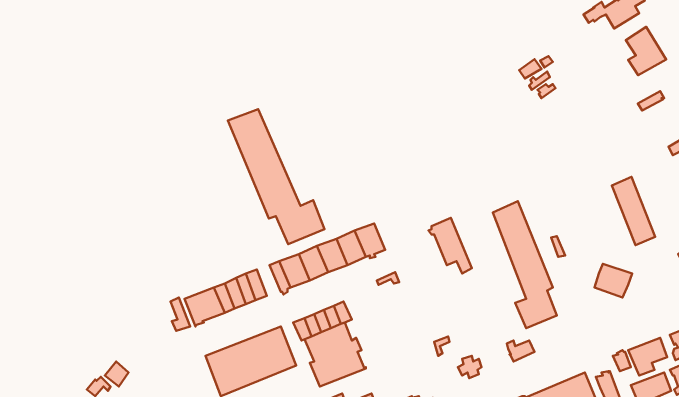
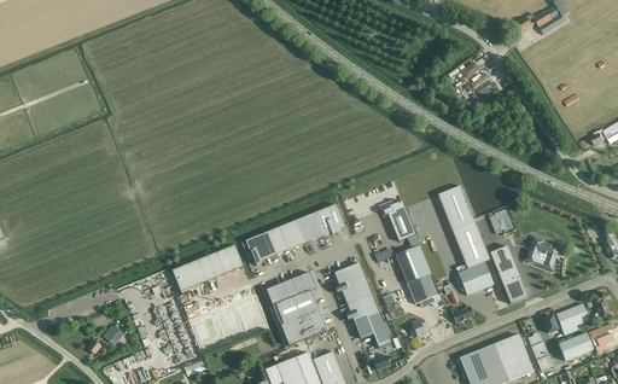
building: [626,27,666,75] -> none
building: [228,109,324,244] -> none
building: [612,177,655,245] -> [490,245,527,304]
building: none -> [395,245,444,307]
building: none -> [334,262,391,348]

